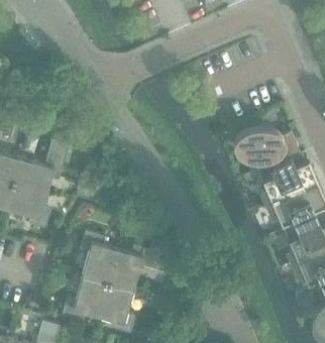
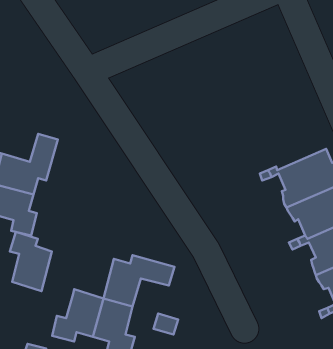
building: [233,128,300,175] -> none
building: [80,234,116,285] -> [10,232,52,291]

